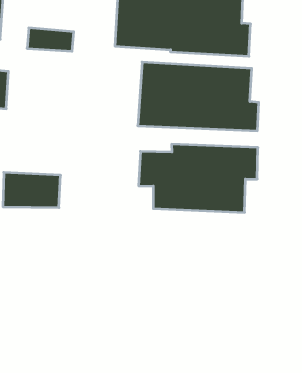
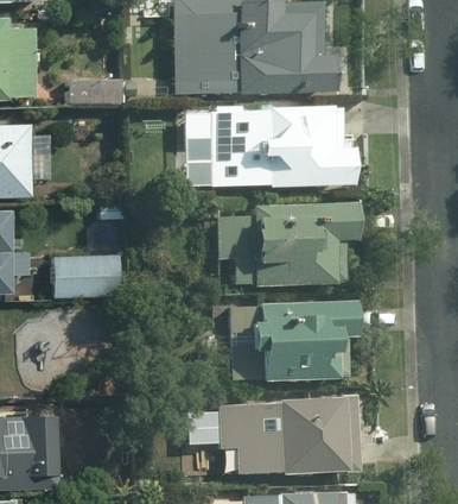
building: none -> [231,300,358,379]
building: none -> [217,396,361,475]

